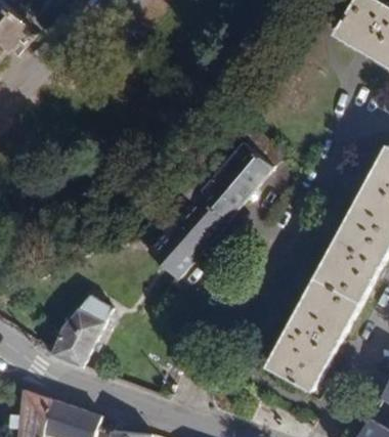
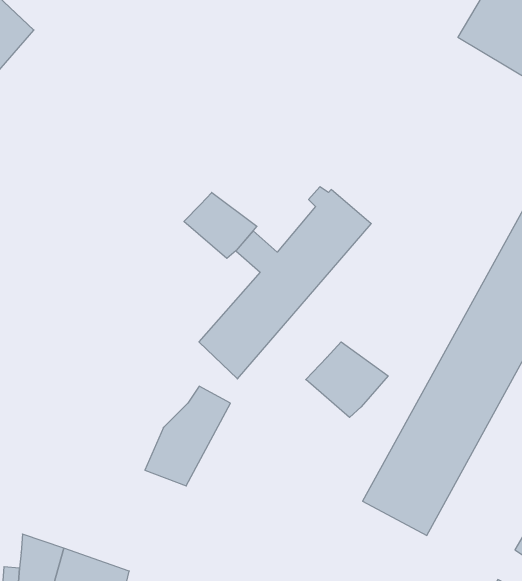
building: none -> [184,192,257,258]
building: none -> [306,342,388,417]
building: [50,296,112,367] -> [145,386,230,486]

